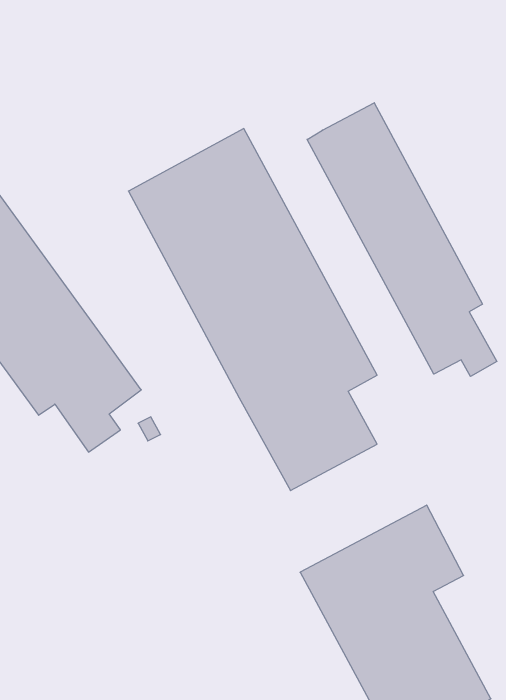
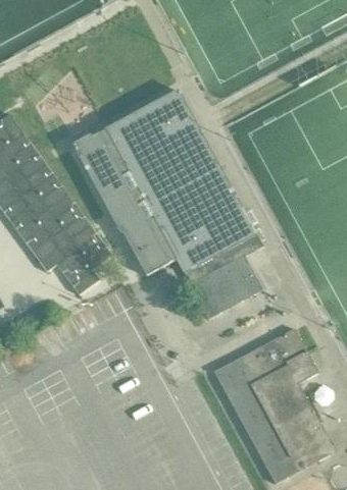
building: [307,103,497,376] -> none
building: none -> [73,128,173,275]

